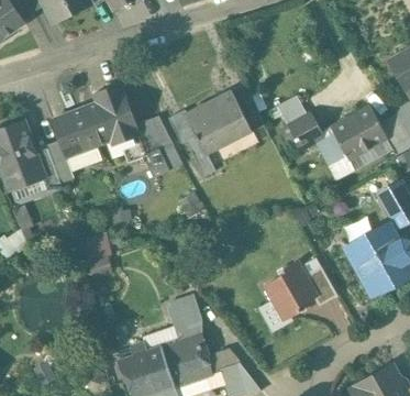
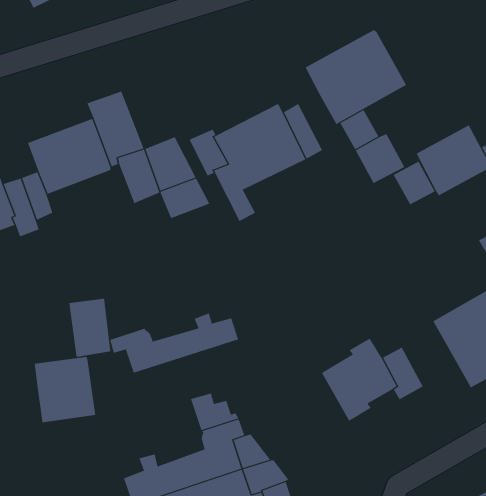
building: none -> [305,29,407,125]
building: none -> [110,313,239,374]
building: none -> [34,356,96,423]

